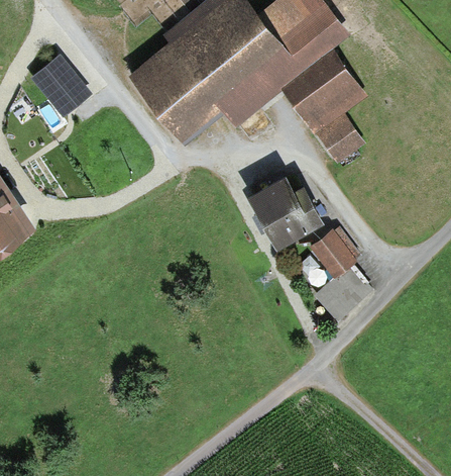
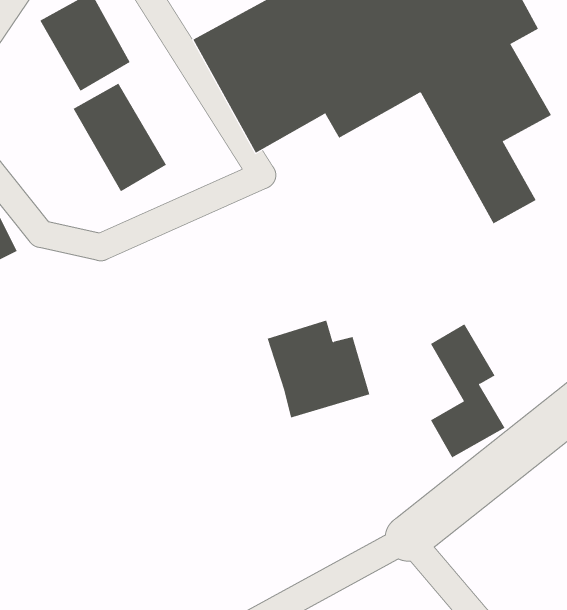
building: none -> [73,83,167,192]
building: [251,178,322,244] -> [267,320,370,418]

